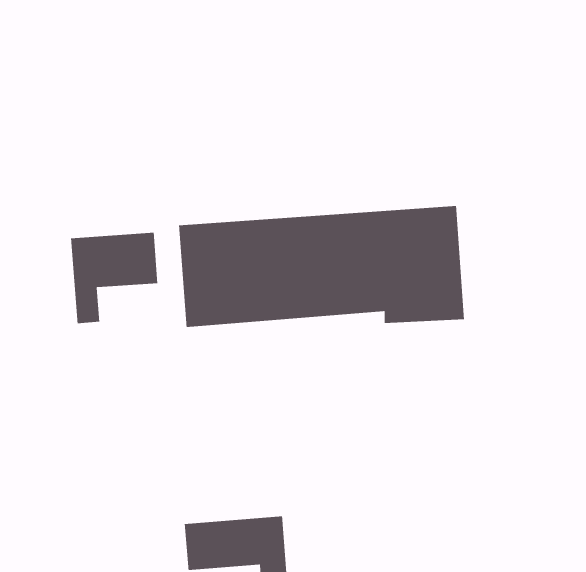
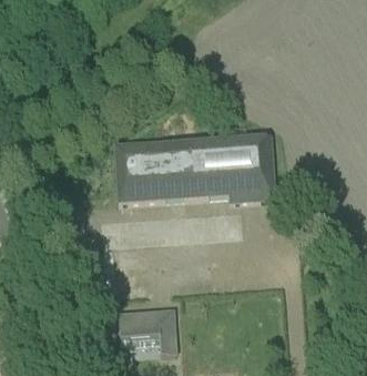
building: [70,232,158,324] -> none

